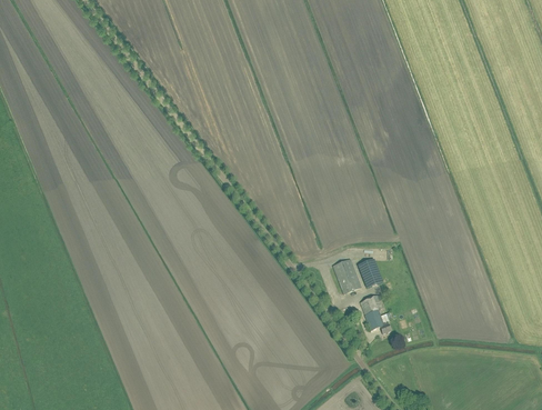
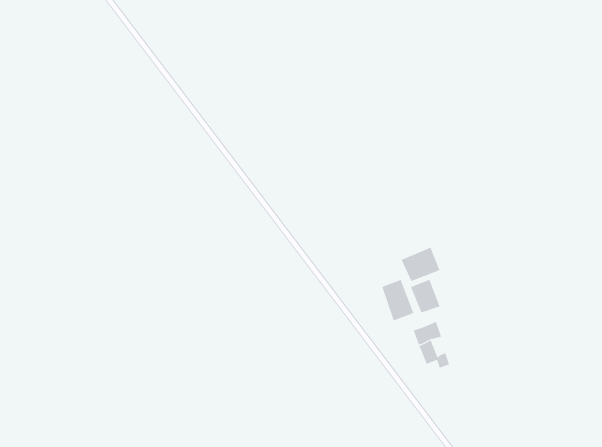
building: none -> [401,247,440,282]

